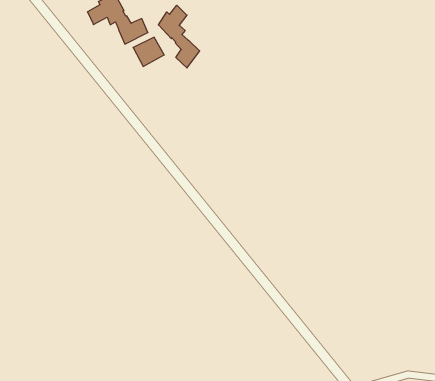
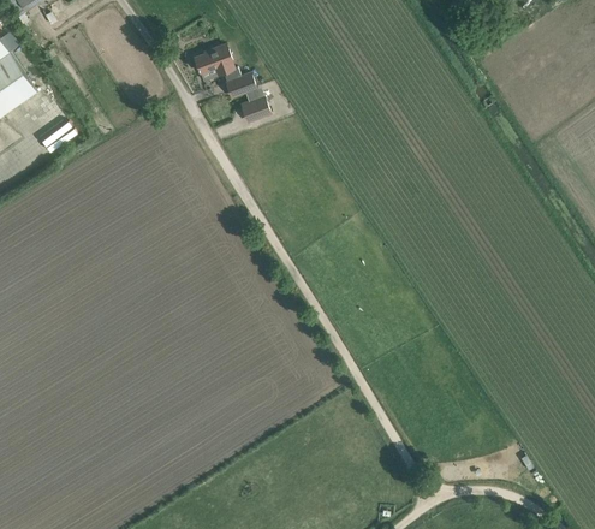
building: [158,5,200,68] -> none

